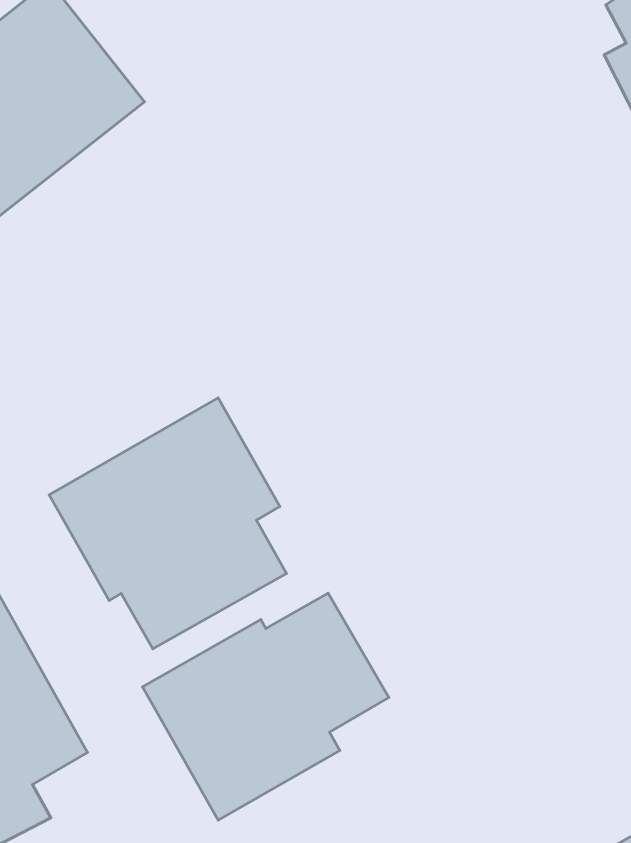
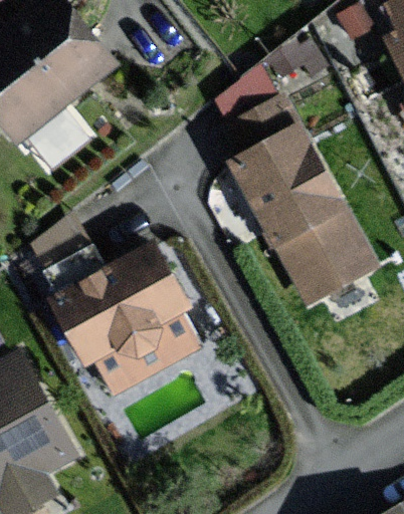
building: none -> [225,98,378,306]
building: [143,593,389,820] -> none

